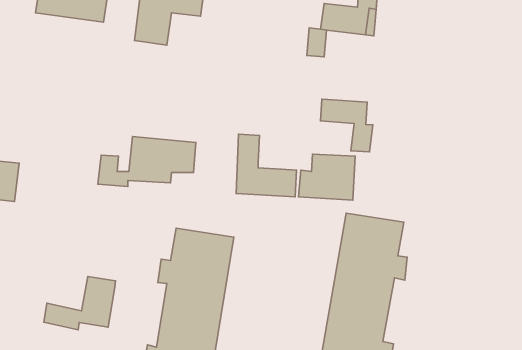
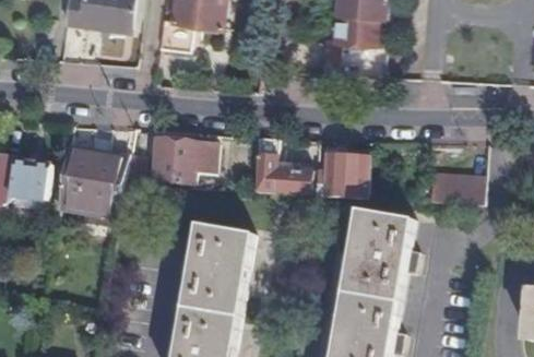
building: [321,99,373,152] -> none
building: none -> [58,144,126,212]
building: none -> [428,172,482,204]
building: [44,277,116,330] -> none

